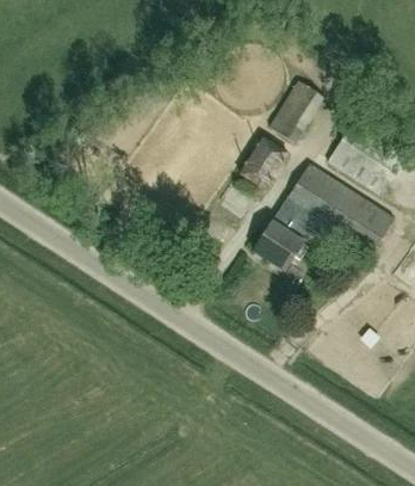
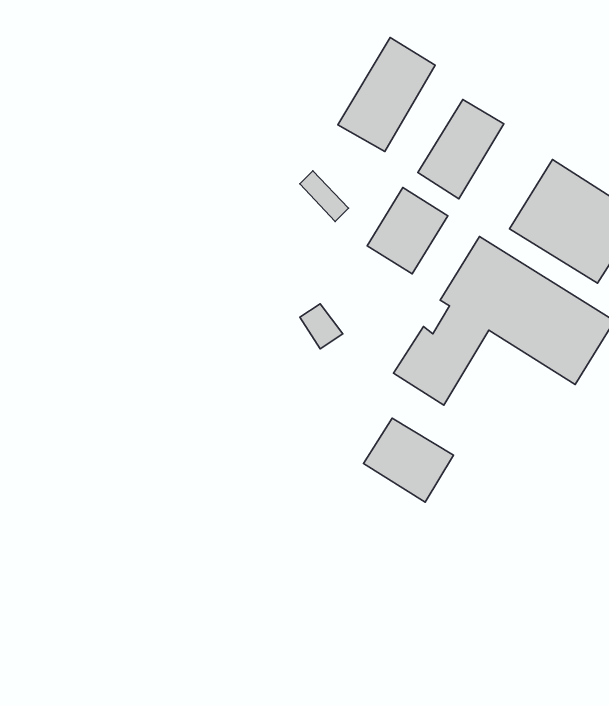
building: none -> [338,38,435,151]
building: none -> [363,418,453,502]

